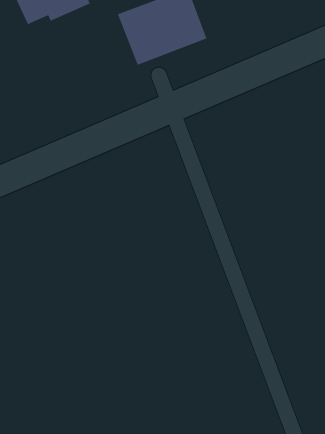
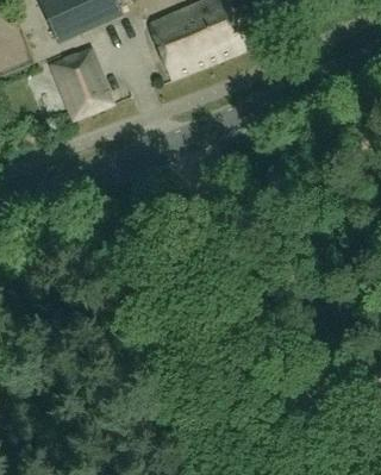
building: none -> [51,46,113,117]

